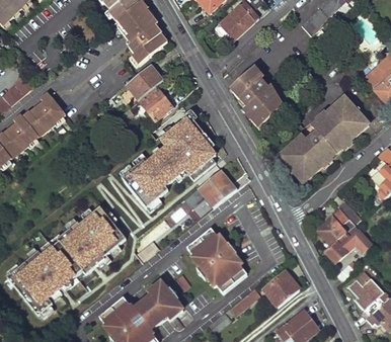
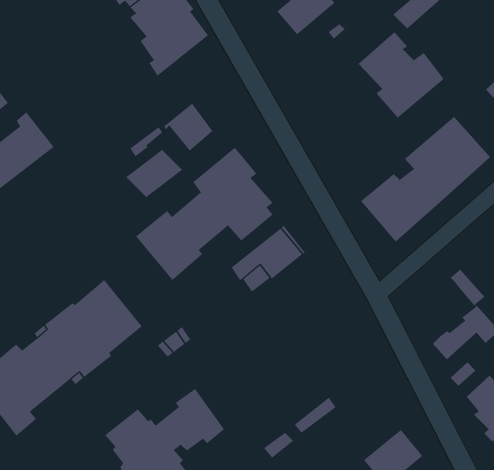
building: [127,64,166,97] -> [126,149,183,198]
building: [229,67,289,126] -> [358,32,445,118]
building: [318,207,348,245] -> none
building: [185,228,246,293] -> none
building: [264,270,299,306] -> none

